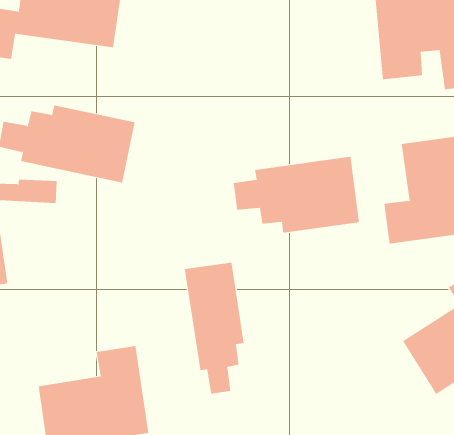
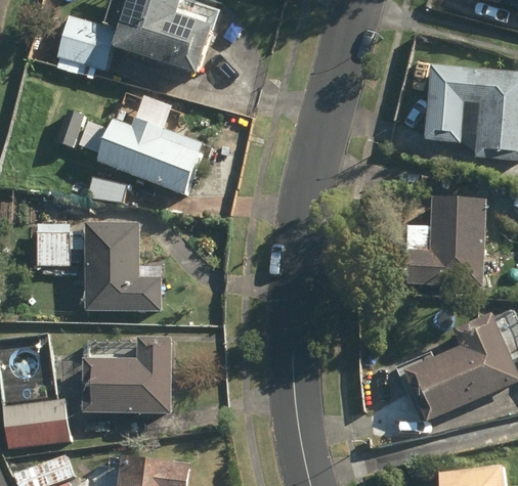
building: [233,156,360,233] -> none
building: none -> [83,223,161,310]
building: [184,262,244,394] -> none

